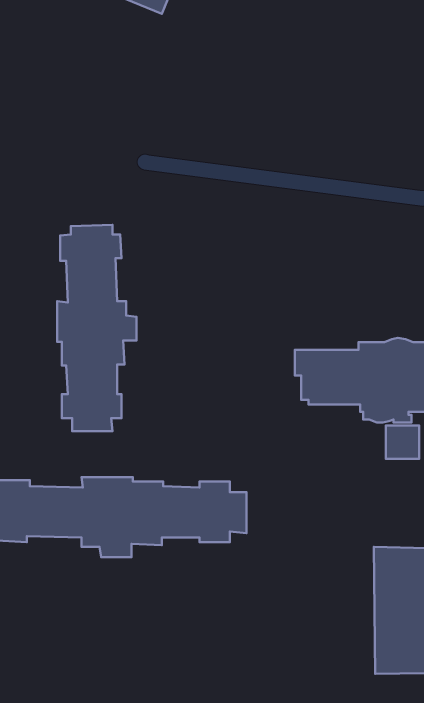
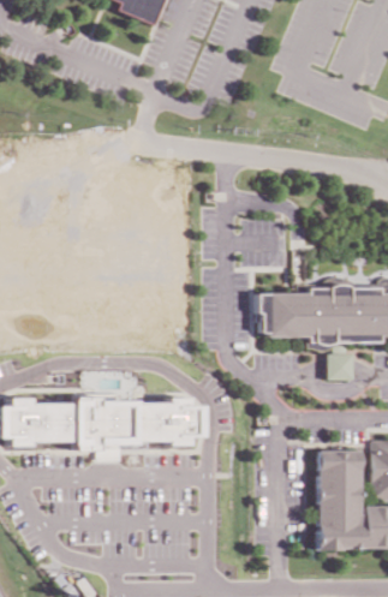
building: [57,225,136,431] -> none

